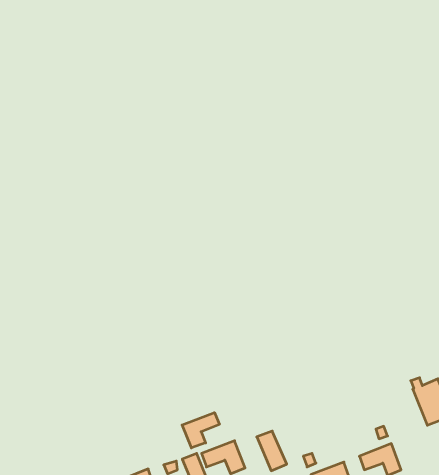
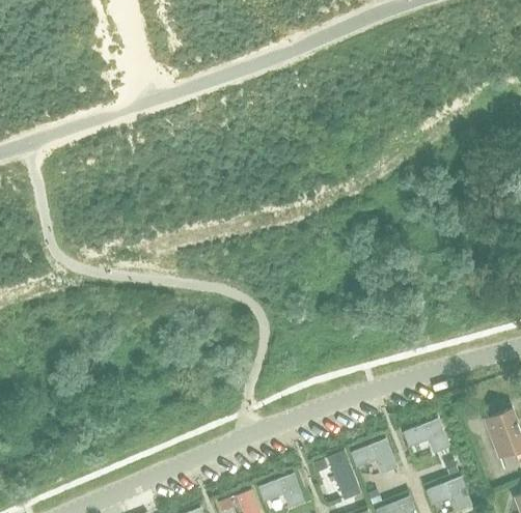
building: none -> [405,420,449,454]
building: none -> [352,438,397,473]
building: [182,413,219,448] -> none

